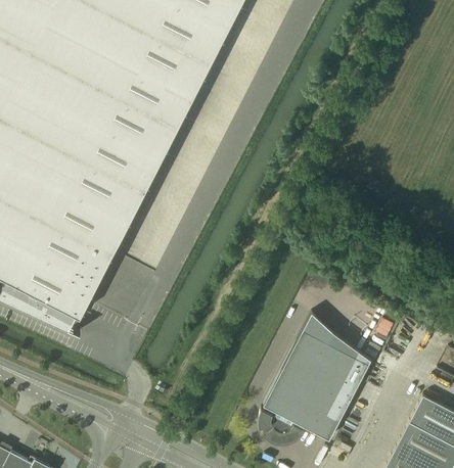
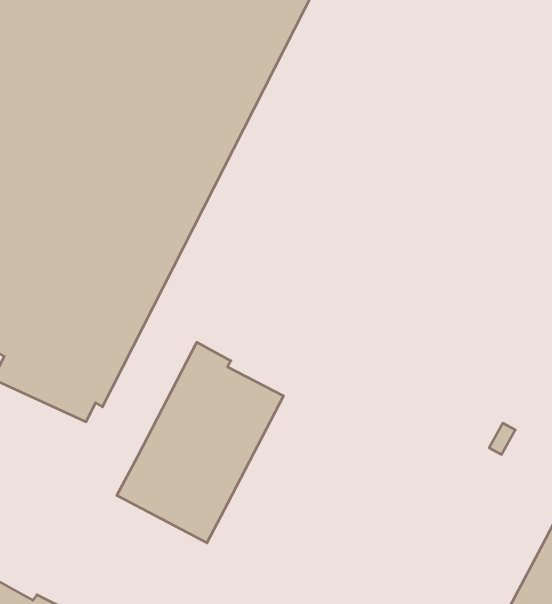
building: none -> [117,342,283,543]
building: [258,312,370,444] -> none

